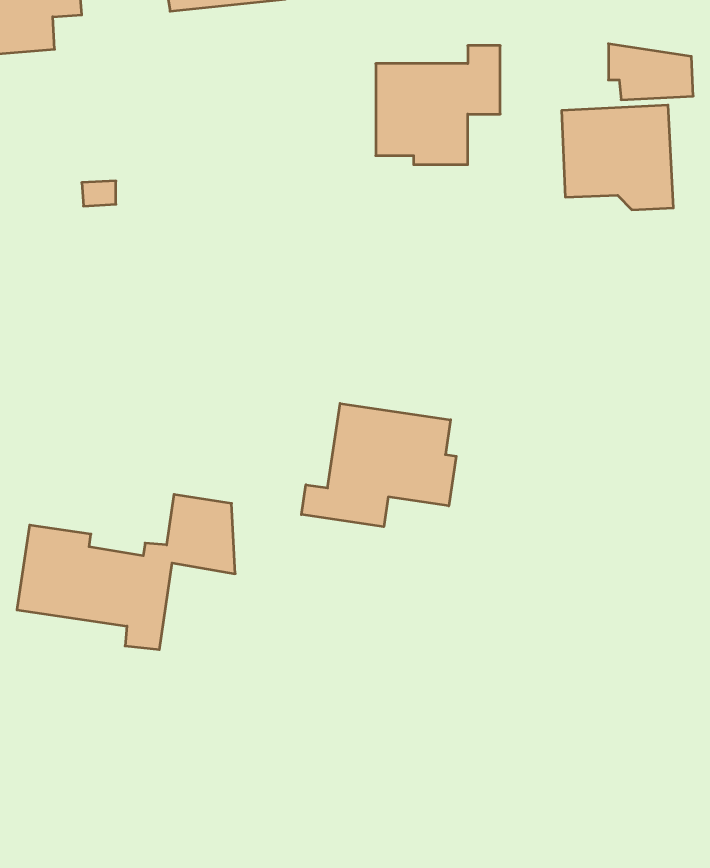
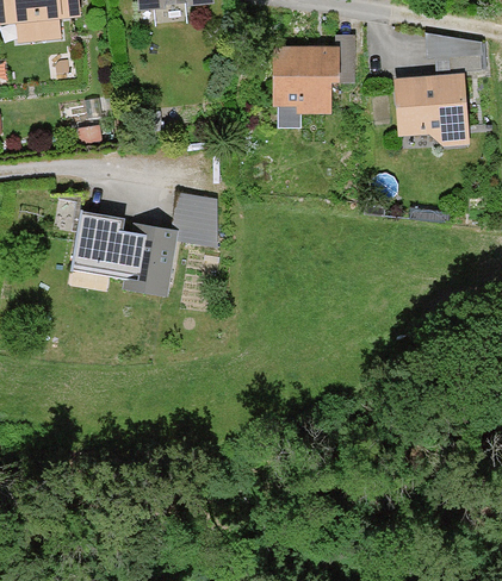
building: [301,403,456,527] -> none
building: [17,494,235,650] -> [72,193,216,295]

